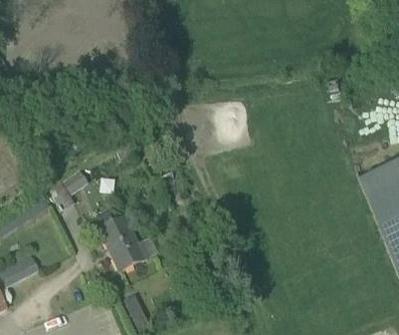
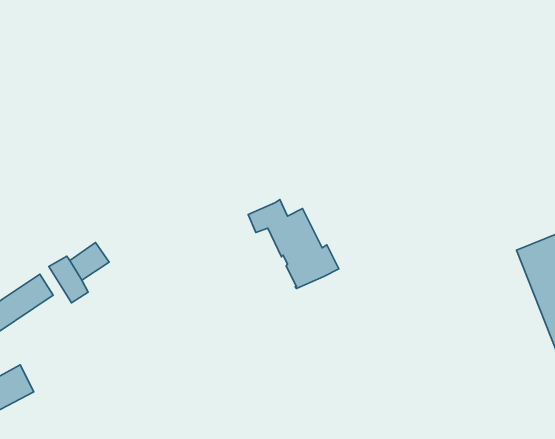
building: [88,211,149,270] -> [248,199,339,288]

